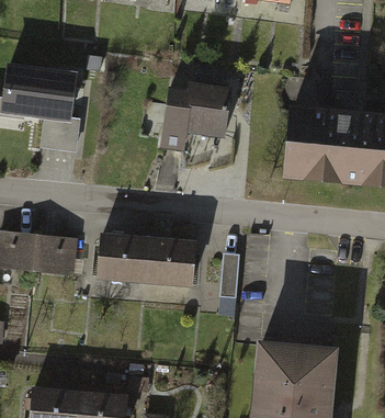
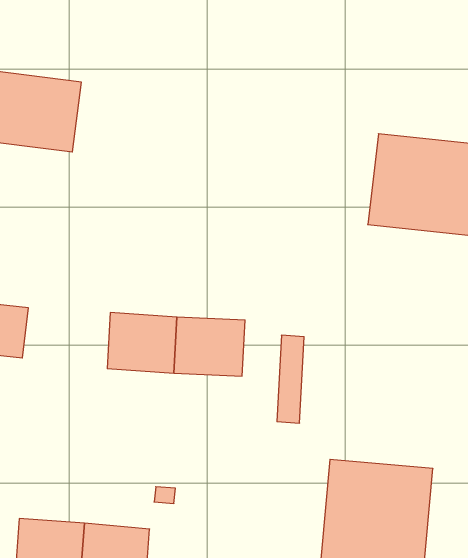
building: [163,80,237,150] -> none
building: [35,235,80,275] -> none

